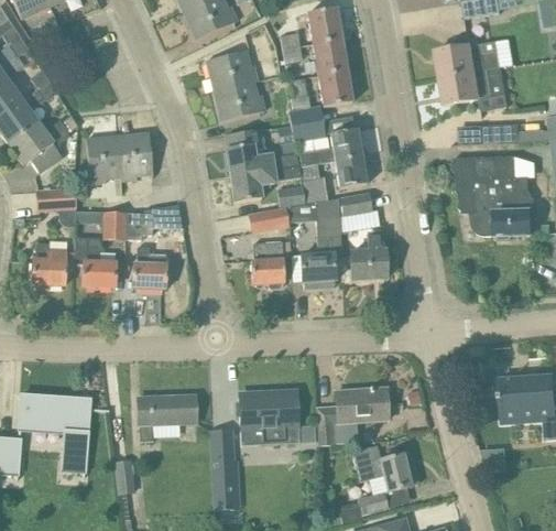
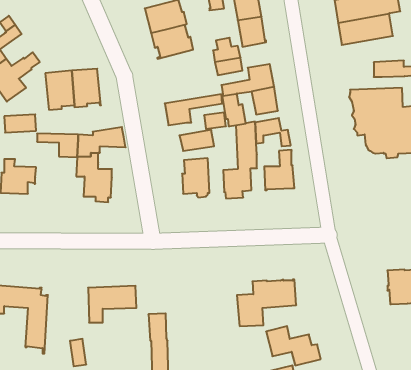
building: [224,130,298,175] -> none
building: [74,237,116,286] -> none
building: [239,390,298,444] -> none

